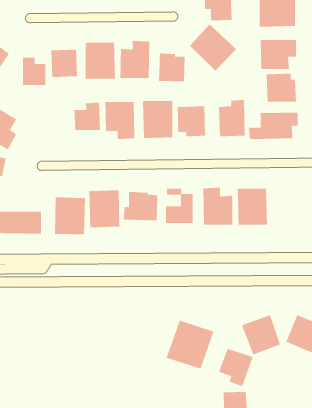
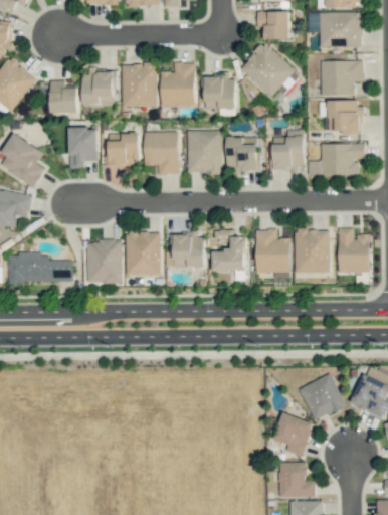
building: none -> [68,128,98,168]
building: none -> [338,229,370,273]
building: [166,320,214,370] -> none

